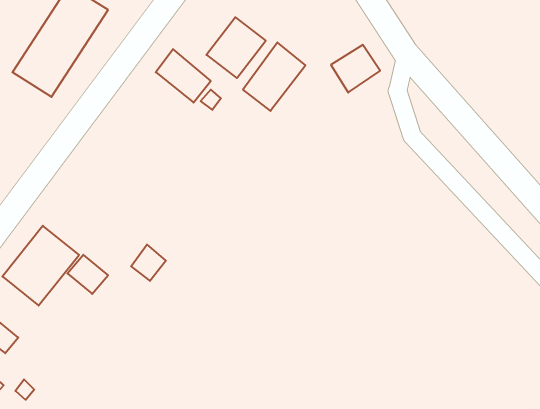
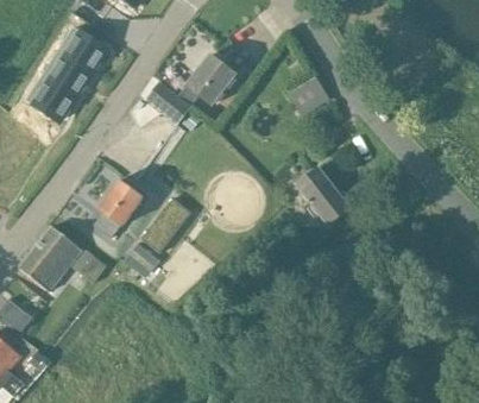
building: [243,42,305,111] -> none
building: none -> [295,166,349,223]
building: none -> [94,178,143,237]

